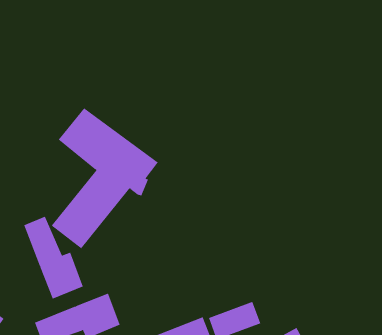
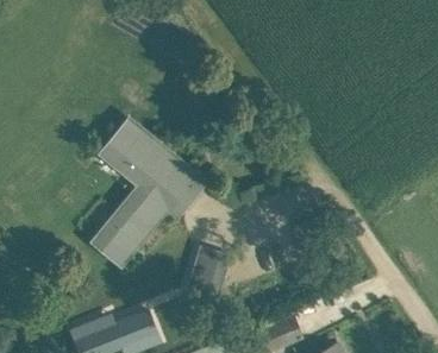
building: [23,216,84,300] -> none
building: none -> [187,246,229,300]

